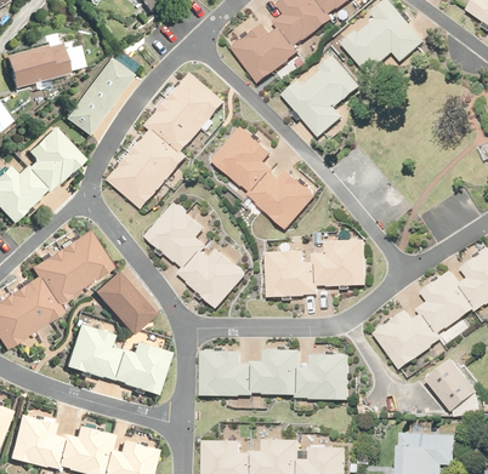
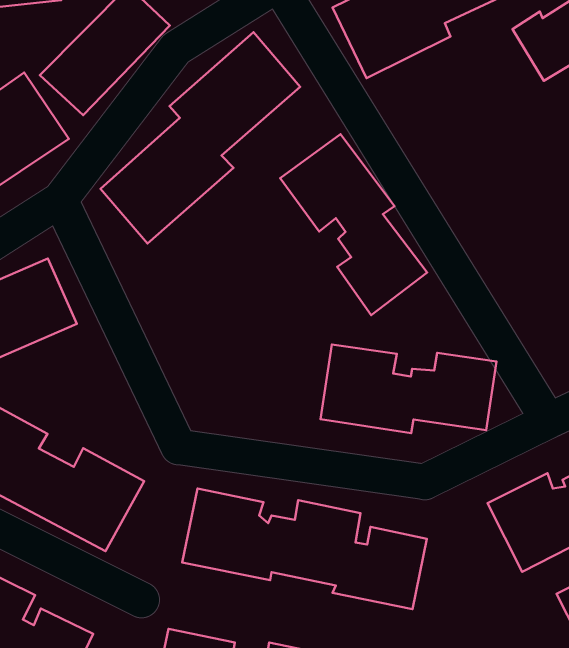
building: [286,56,361,133] -> none
building: [142,202,246,302] -> none
building: [92,269,154,332] -> none

